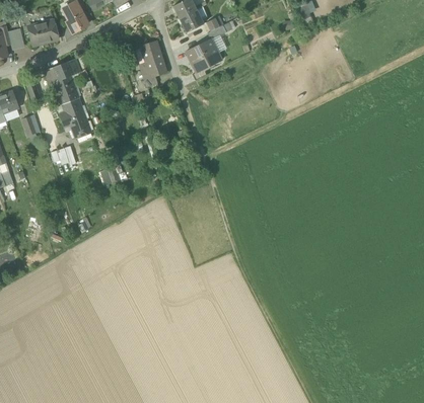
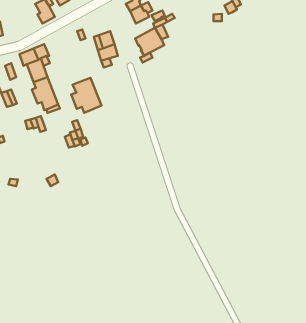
building: [26,21,58,46] -> none
building: none -> [71,78,102,113]

